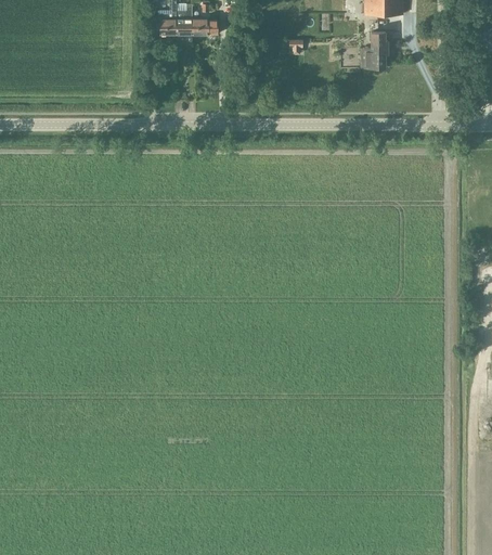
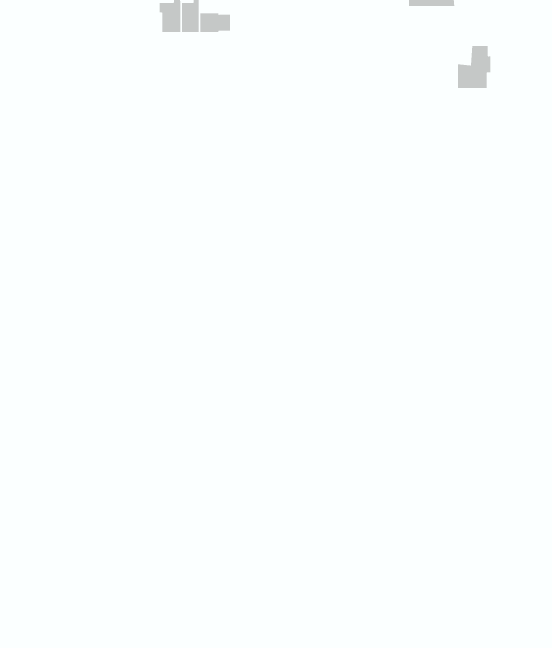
building: [361,33,389,68] -> [457,45,491,89]

